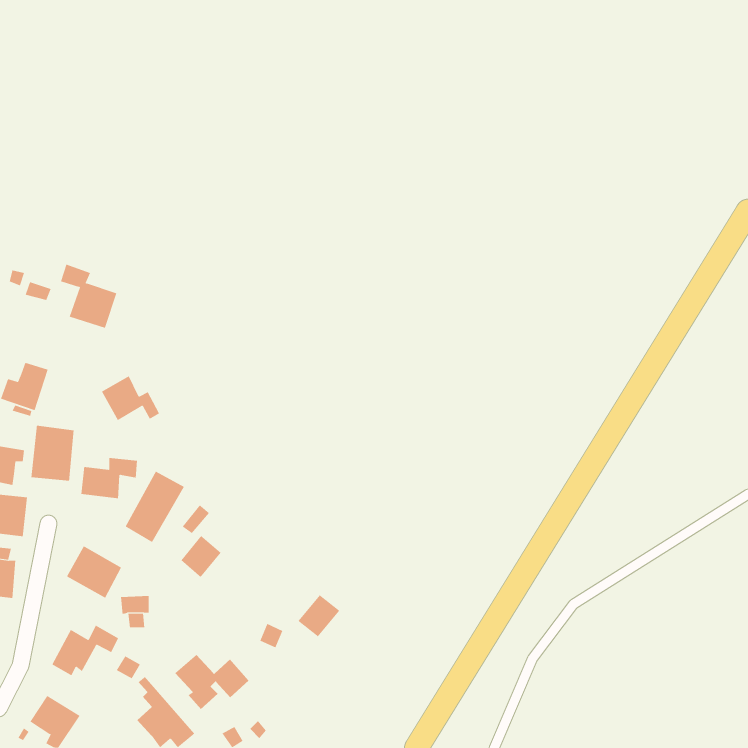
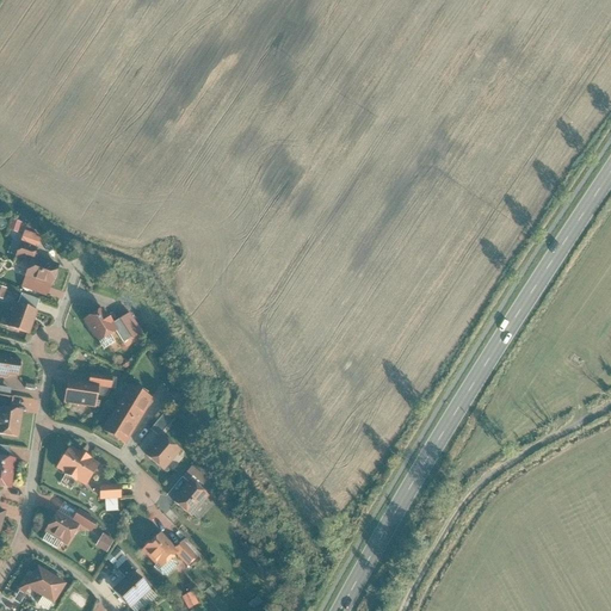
building: [60,264,117,328] -> [12,243,58,296]
building: [31,425,74,482] -> none
building: [298,595,340,637] -> [172,479,206,513]

